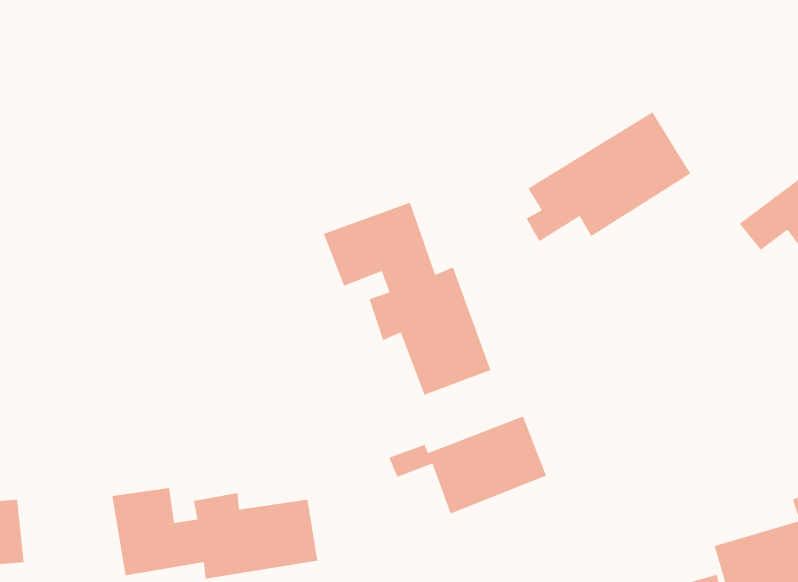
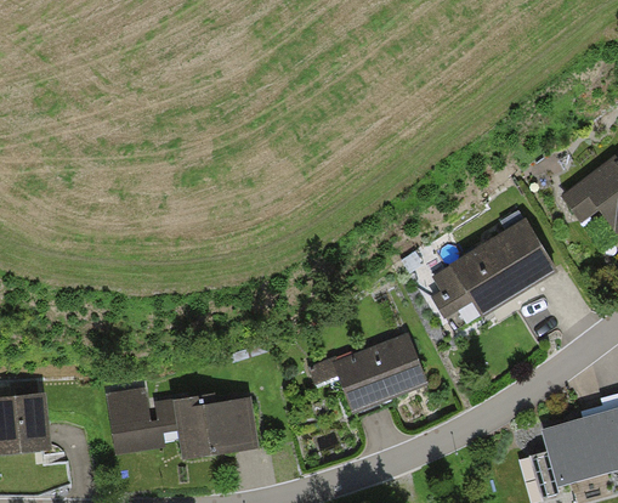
building: [526,112,691,242] -> [433,221,554,316]
building: [323,202,491,395] -> none

